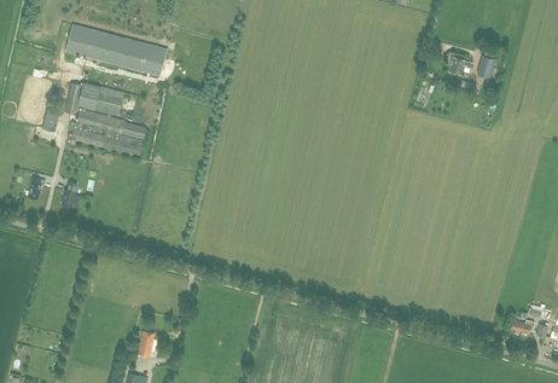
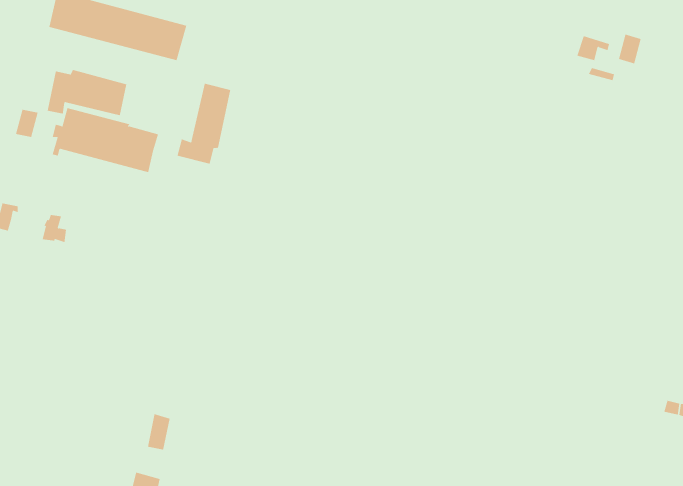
building: none -> [177,83,231,165]

